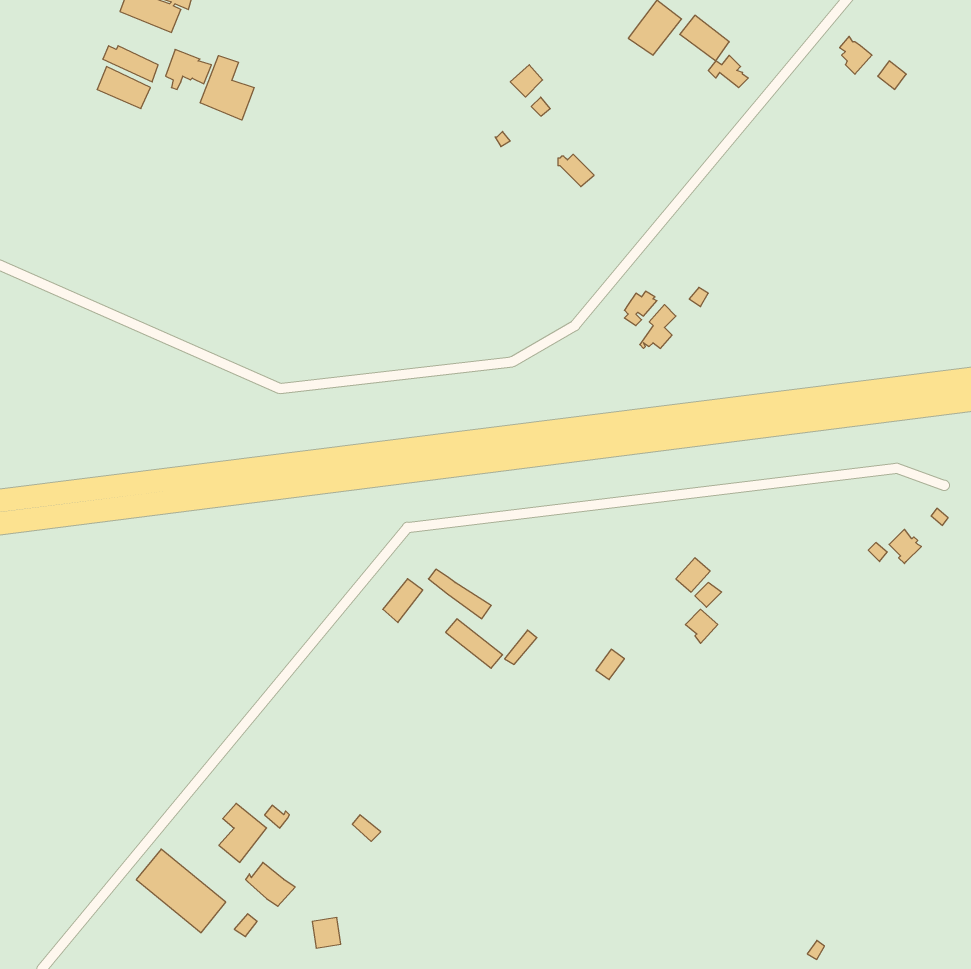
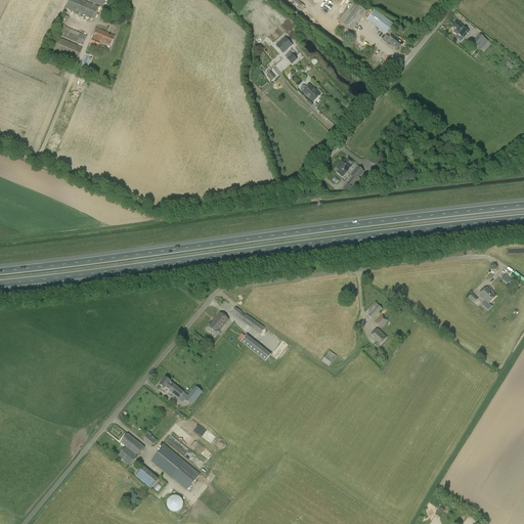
building: [200,56,254,120] -> none
building: none -> [159,376,202,402]
building: [136,849,226,933] -> [150,443,199,488]

